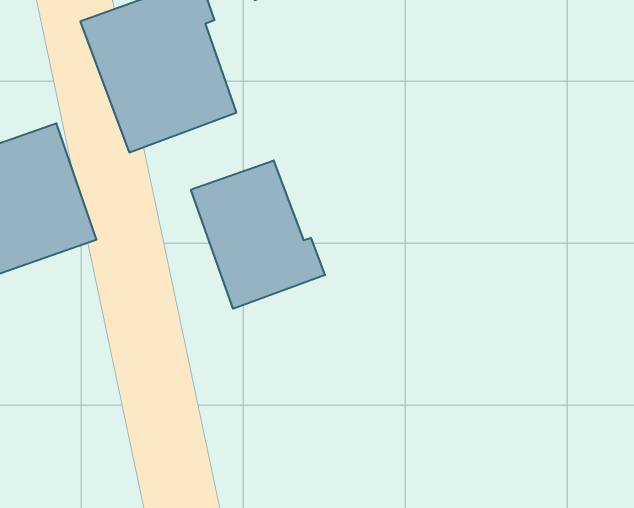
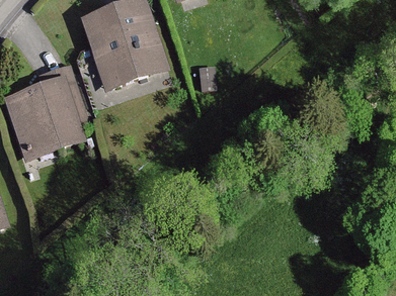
building: [191,160,325,309] -> none

